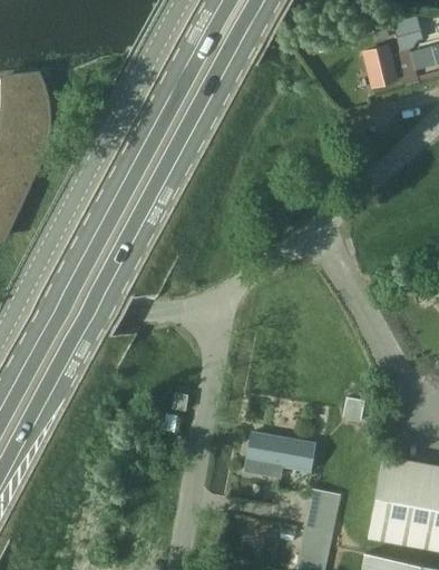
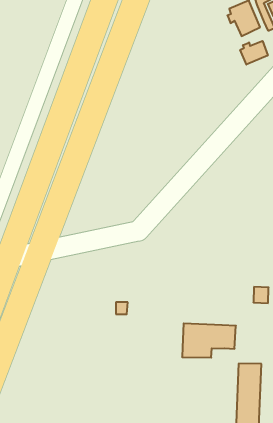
building: none -> [240,41,268,65]

